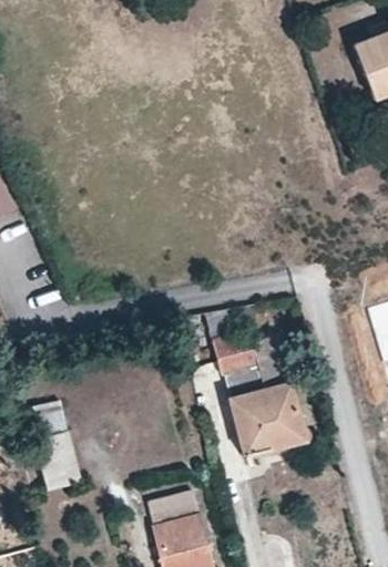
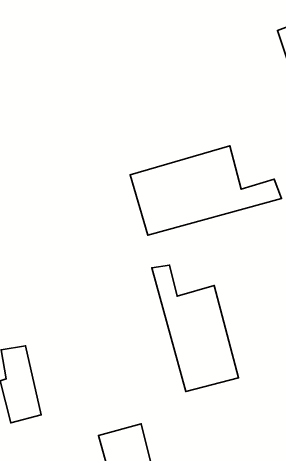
building: none -> [130,146,282,235]

